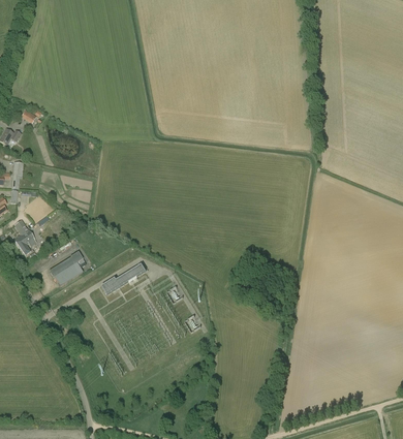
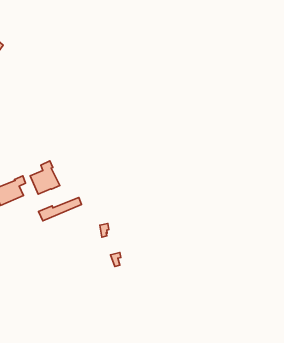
building: none -> [30,161,60,194]

